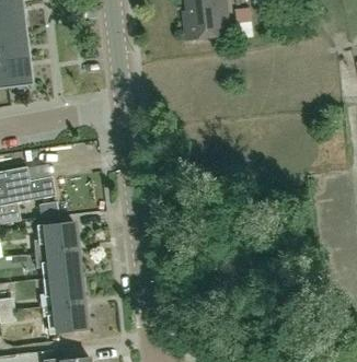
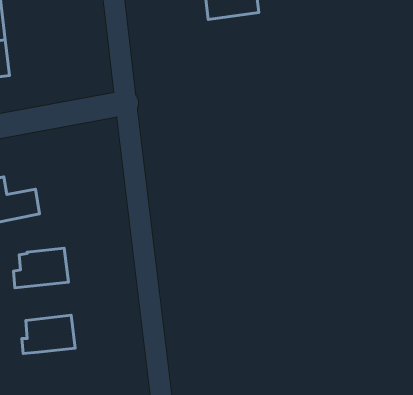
building: [35,249,80,280] -> none
building: [48,302,87,332] -> none

